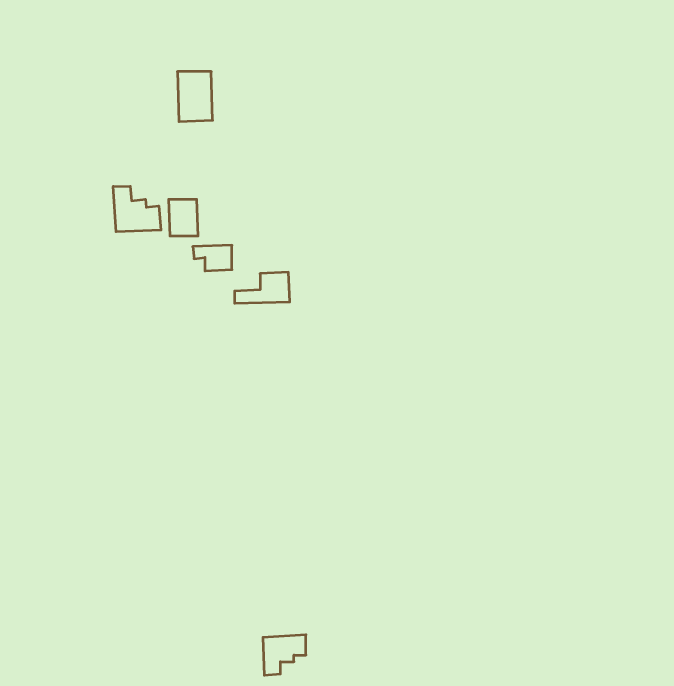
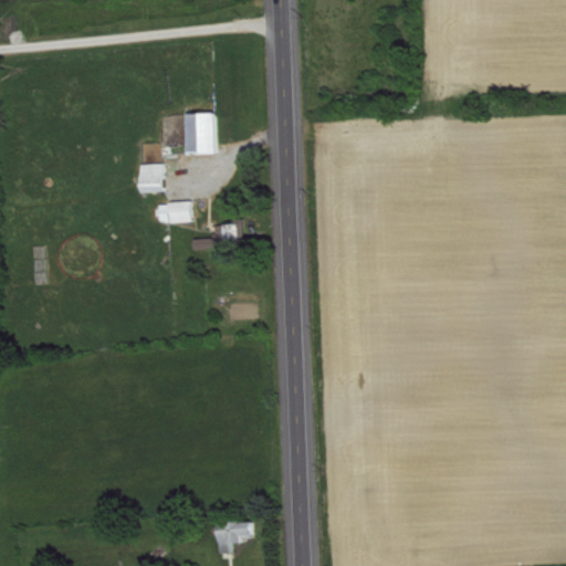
building: [177,72,213,122] -> [186,113,214,154]
building: [113,186,161,232] -> none

